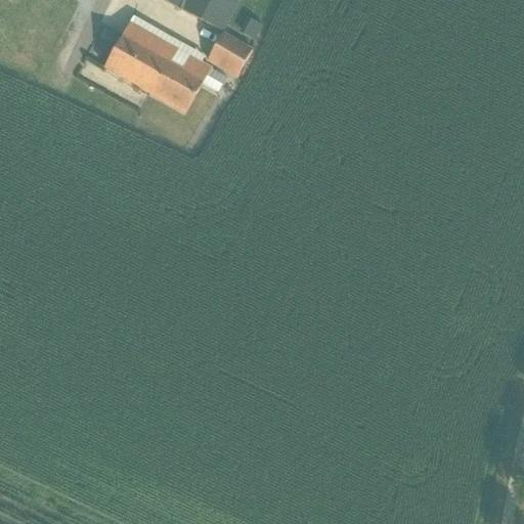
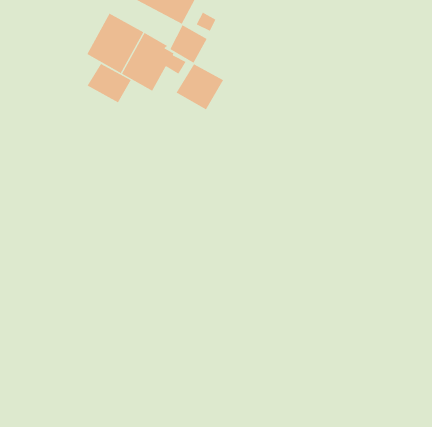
building: none -> [87,63,132,103]
building: none -> [176,64,224,110]

